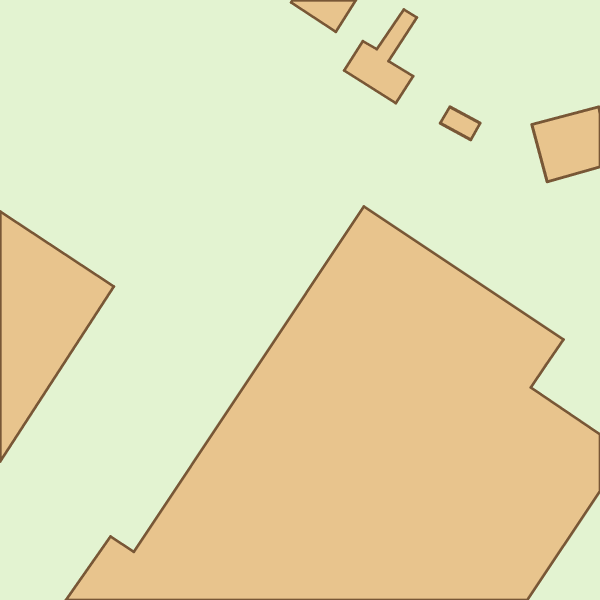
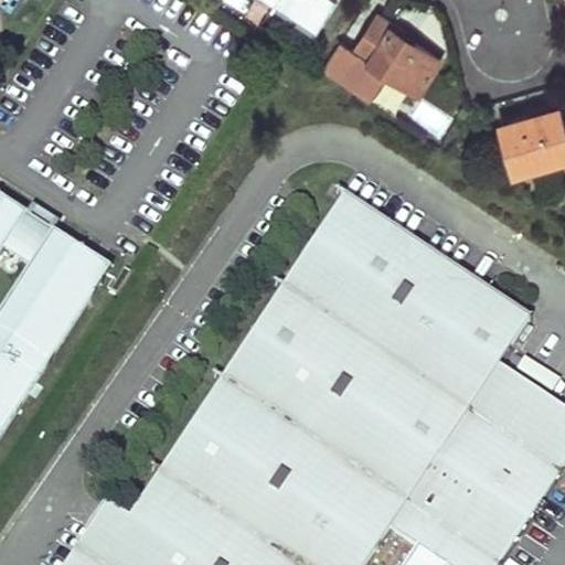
building: none -> [365,20,446,94]

